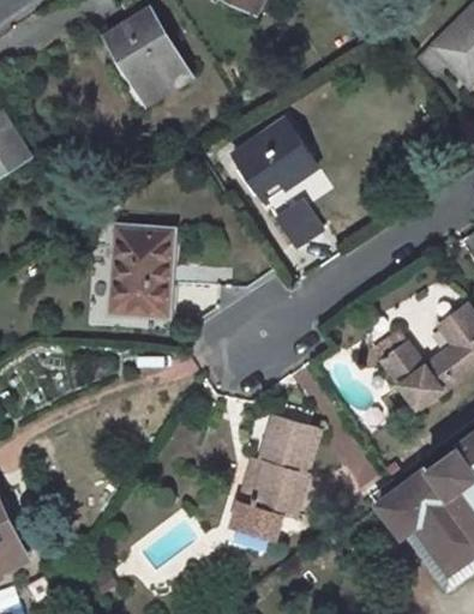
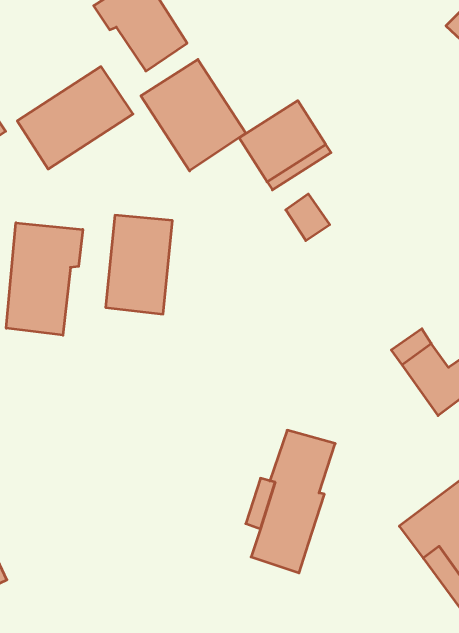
building: none -> [141,59,246,171]
building: none -> [17,67,133,169]
building: none -> [6,223,83,335]

